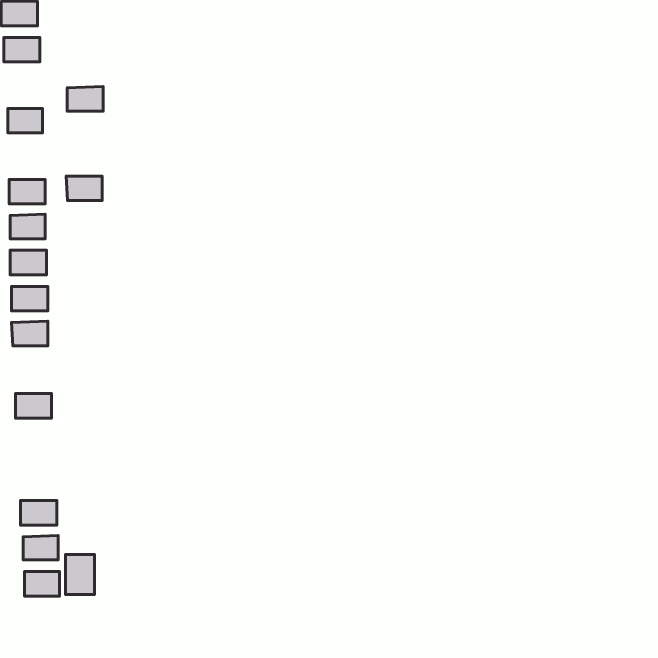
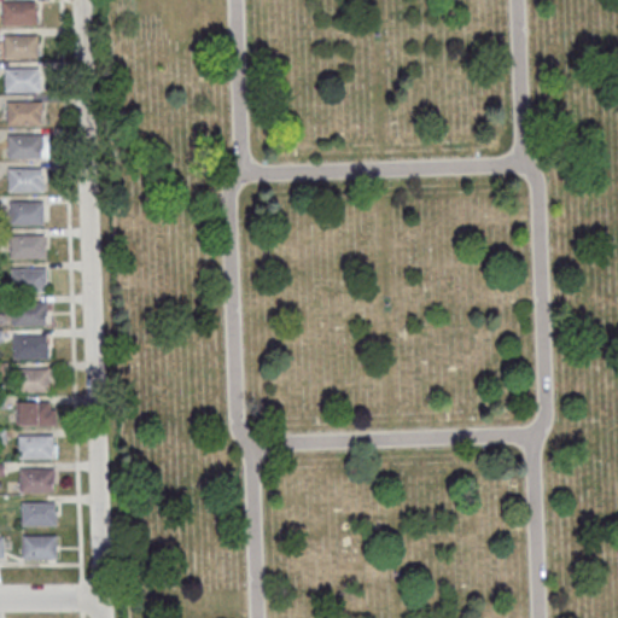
building: [67,87,103,111] -> [6,69,40,92]
building: [66,176,102,201] -> [8,136,42,159]
building: none -> [14,336,48,358]
building: none -> [19,403,56,425]
building: none -> [19,436,53,459]
building: [65,555,95,595] -> none

